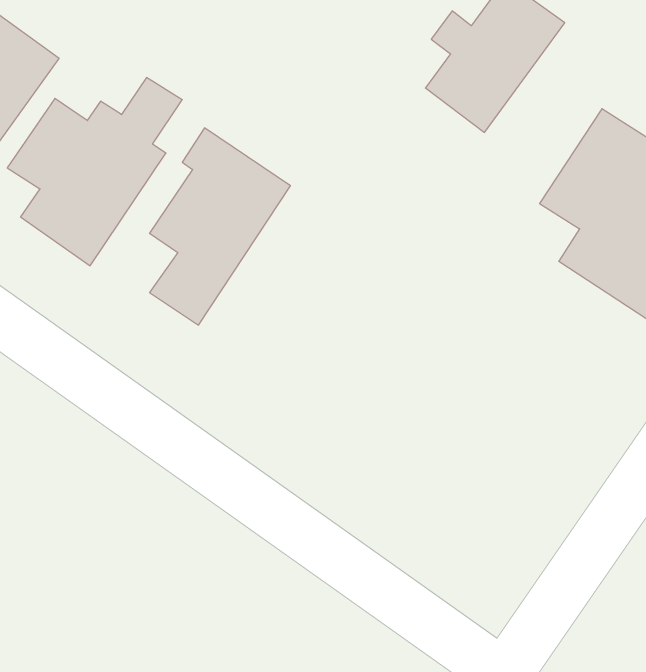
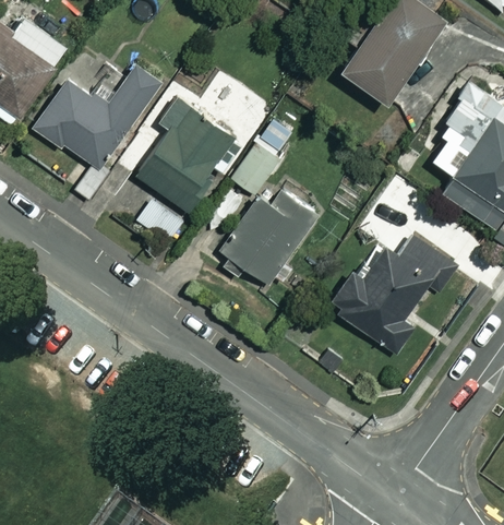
building: none -> [219,141,316,284]
building: none -> [332,234,459,355]

